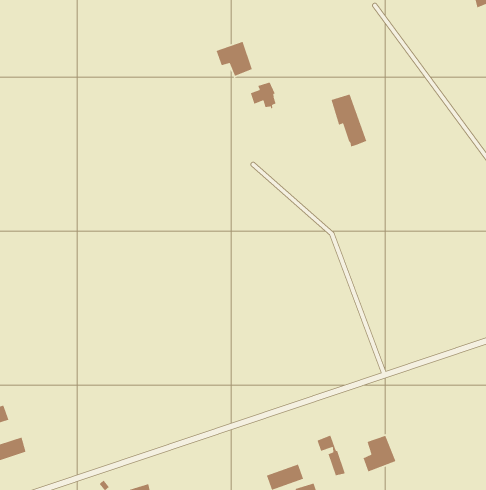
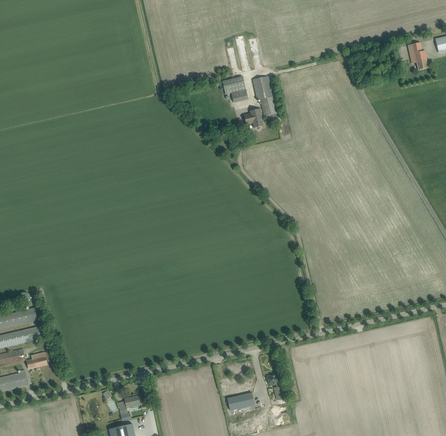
building: [331,93,367,148] -> [252,76,276,116]
building: [363,435,396,473] -> none

